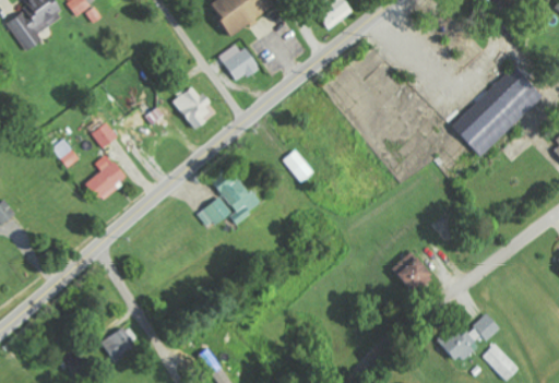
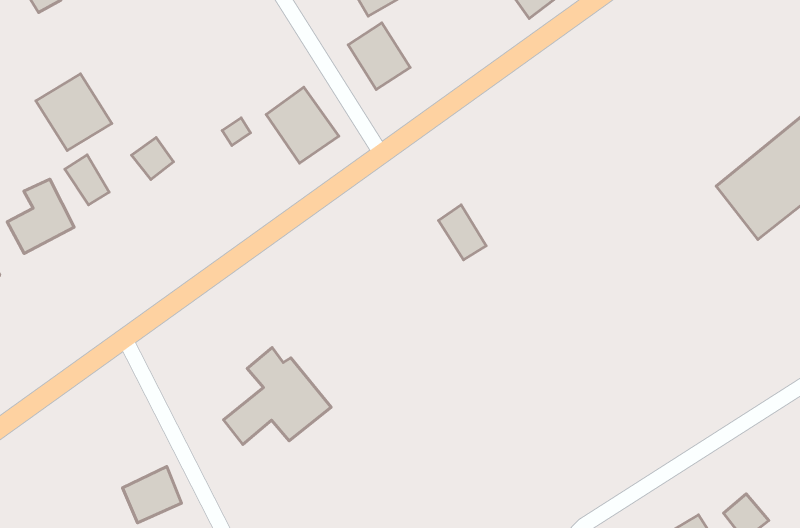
building: none -> [36,74,112,151]
building: [85,153,127,200] -> [7,179,74,253]
building: [195,168,261,229] -> [224,347,331,444]
building: [399,255,435,291] -> none

